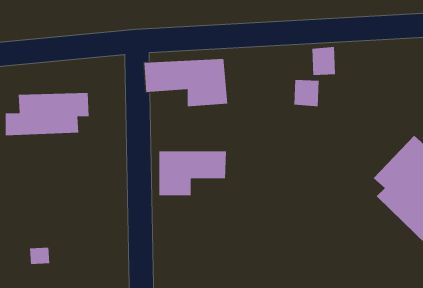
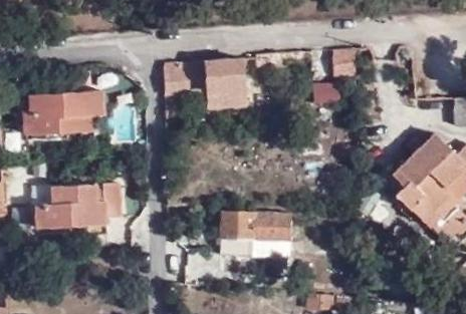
building: [158,151,227,196] -> [223,208,291,253]
building: none -> [37,178,123,223]

